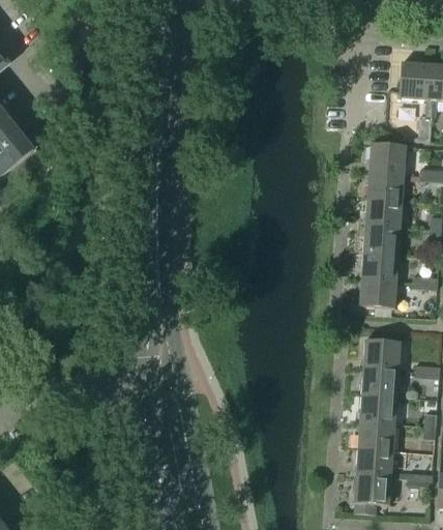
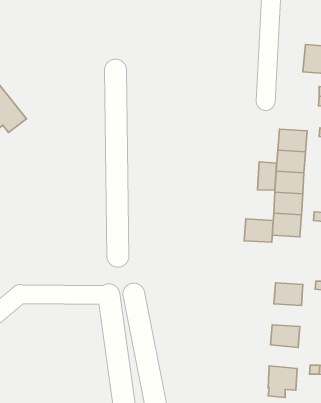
building: [367,143,405,173] -> none
building: none -> [258,162,276,190]
building: [362,340,400,370] -> [244,219,273,242]
building: [358,394,395,423] -> none
building: [354,447,391,477] -> none

